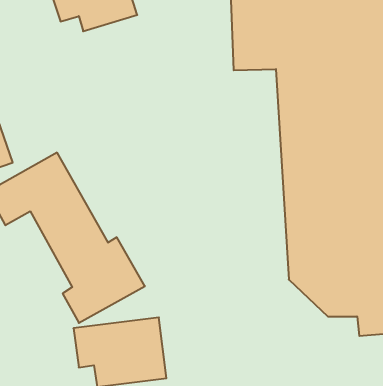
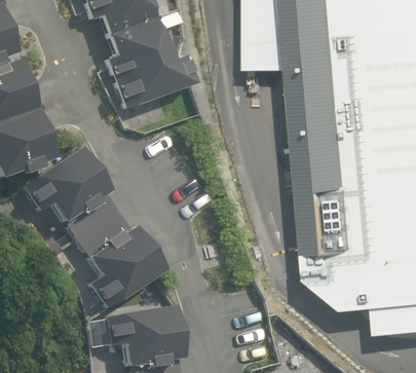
building: none -> [102,20,196,114]

